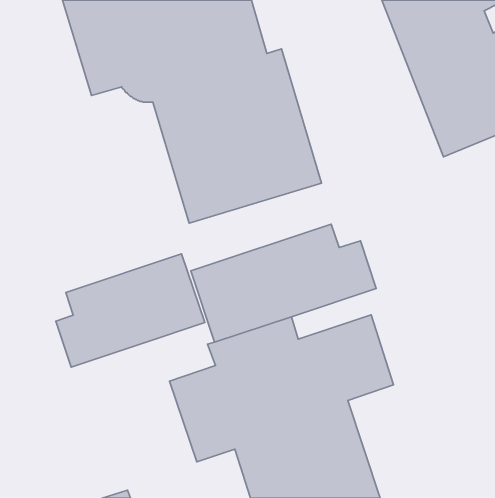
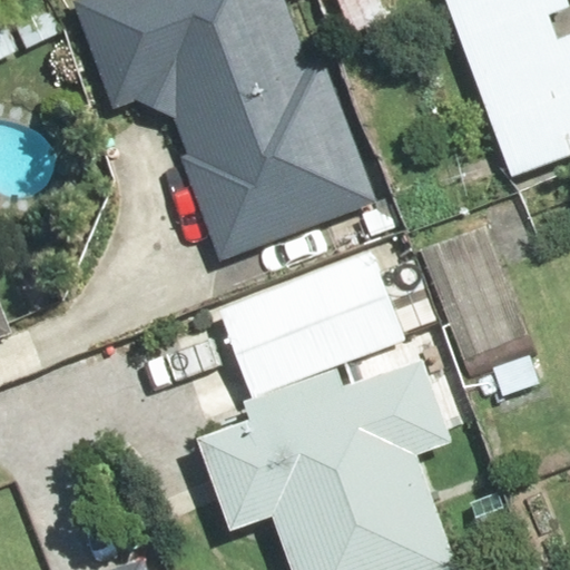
building: none -> [424,225,532,366]
building: [56,254,205,367] -> none

